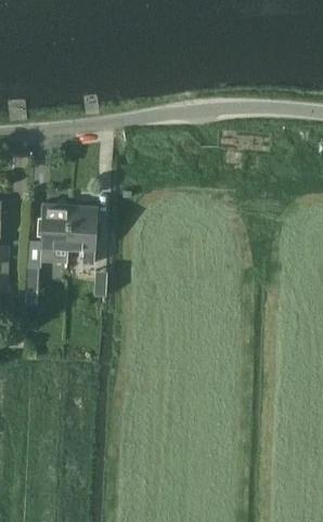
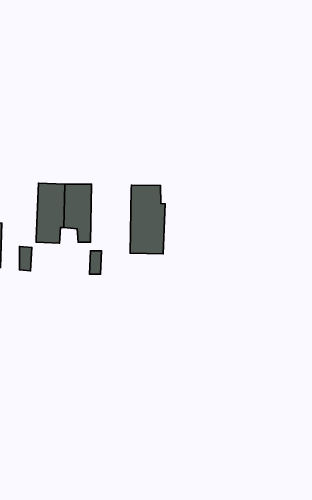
building: none -> [130,185,165,254]

